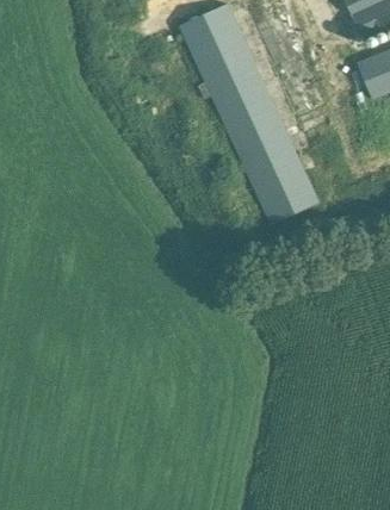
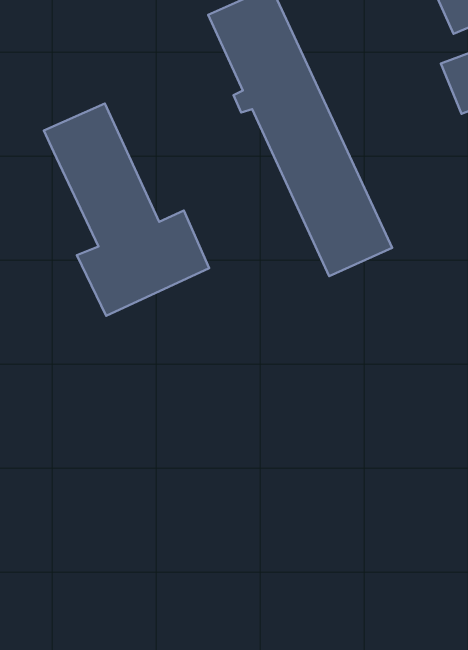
building: none -> [44,104,209,316]

